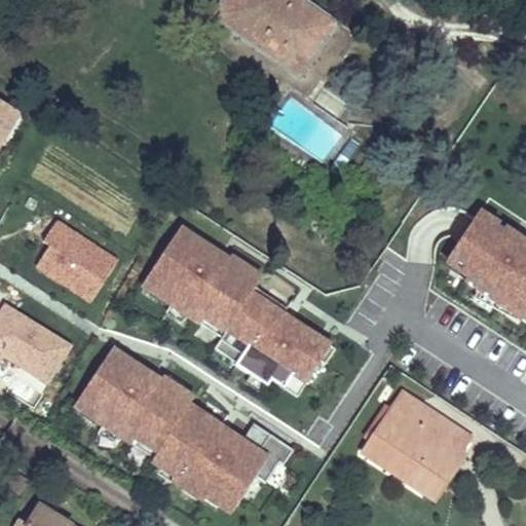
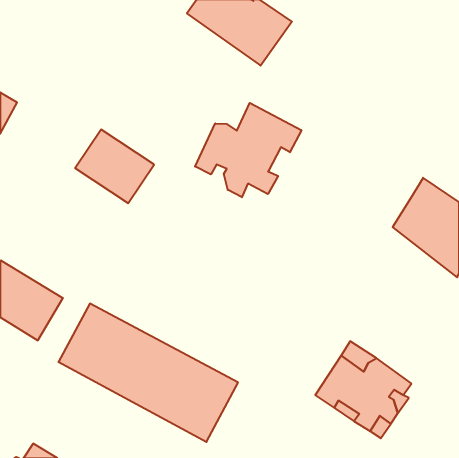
building: none -> [195,103,301,197]
building: [28,217,118,301] -> [75,130,154,203]
building: [138,221,332,396] -> none

